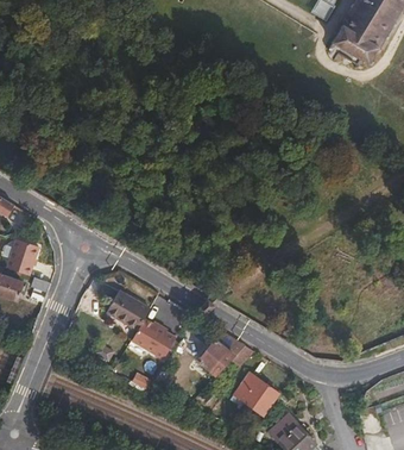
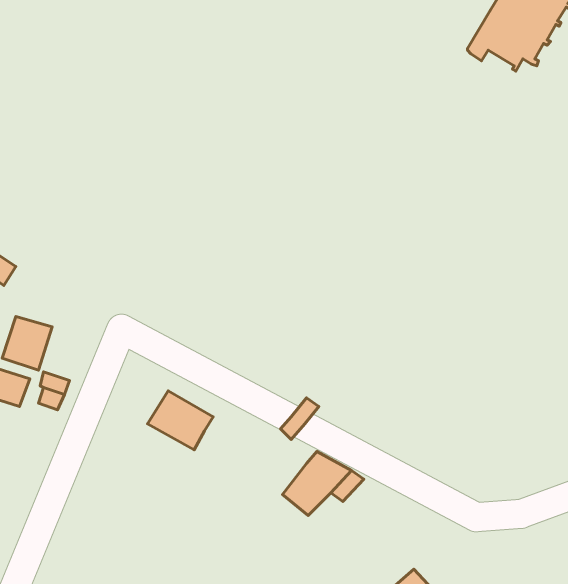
building: [132,317,176,358] -> none
building: [234,370,280,415] -> none

